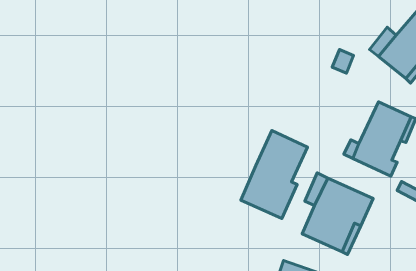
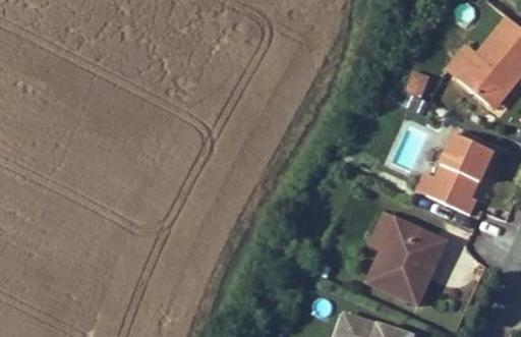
building: [241,131,308,219] -> none

